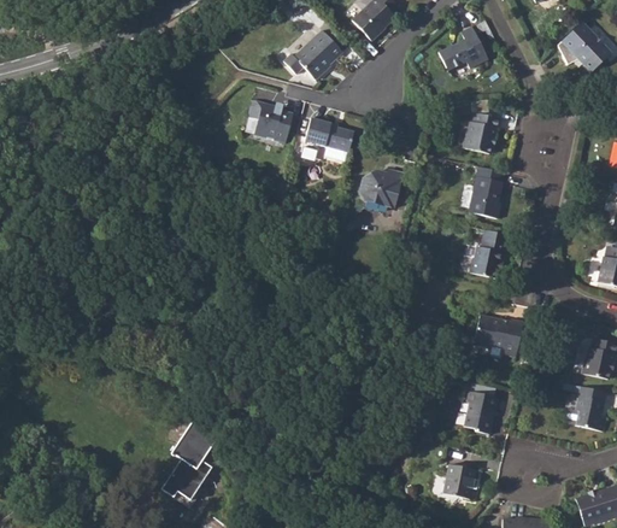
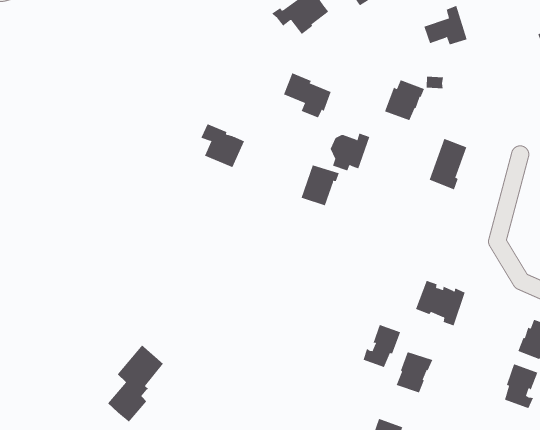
building: [249,100,295,142] -> [201,123,245,168]
building: [462,110,500,151] -> [384,80,425,121]
building: none -> [301,164,340,206]
building: [468,230,507,278] -> none
building: none -> [363,324,401,368]

